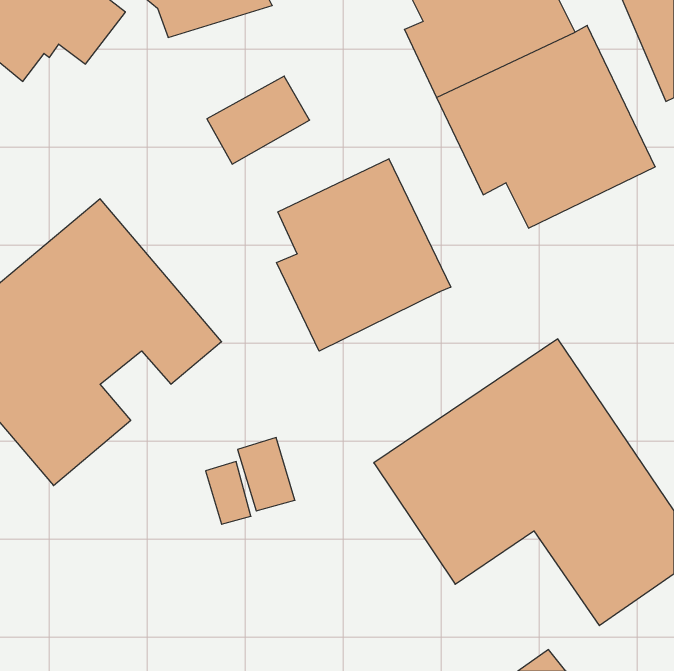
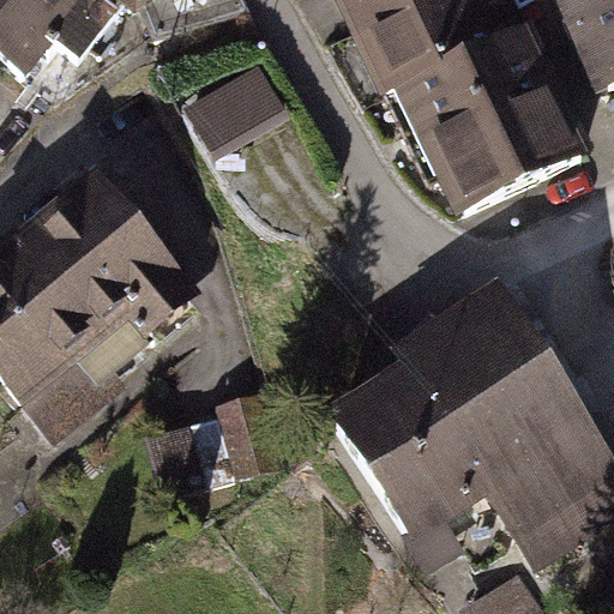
building: [277,159,451,351] -> none

